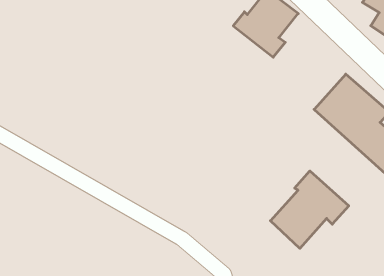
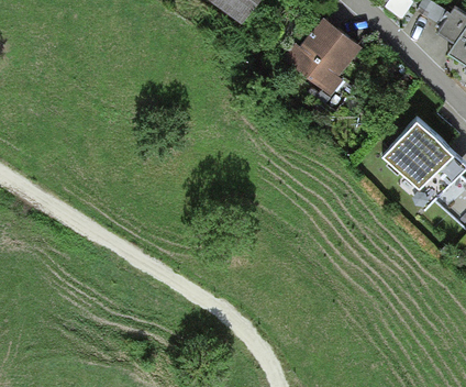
building: [270,171,349,248] -> none

